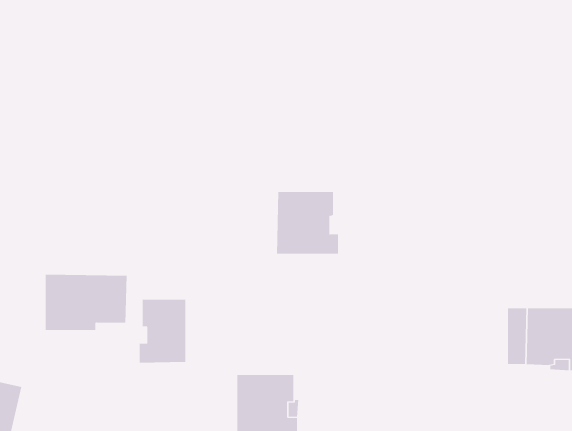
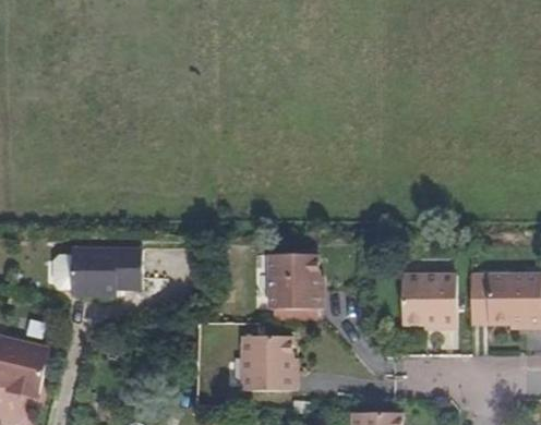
building: [276,191,339,254] -> [263,254,317,308]
building: [139,299,186,364] -> none
building: none -> [401,276,456,330]

